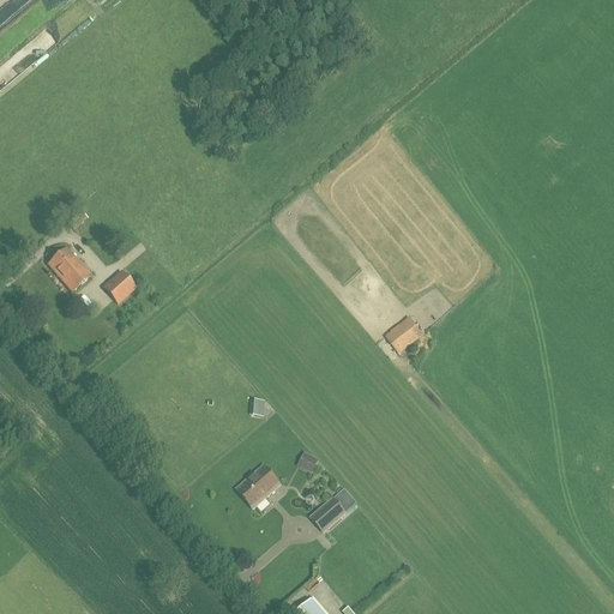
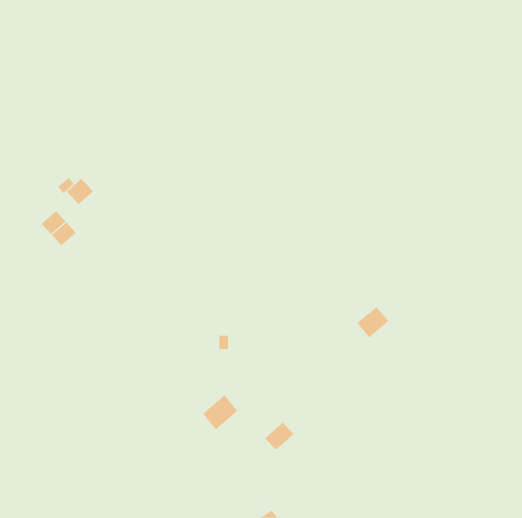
building: [103,270,136,301] -> [66,178,94,205]
building: [385,314,423,351] -> [356,307,389,338]

